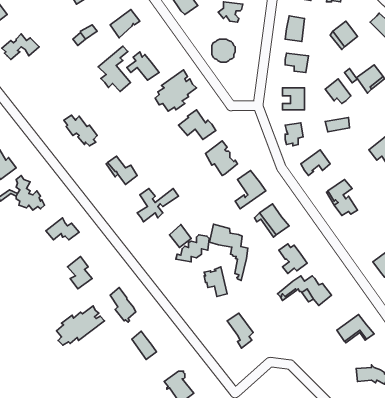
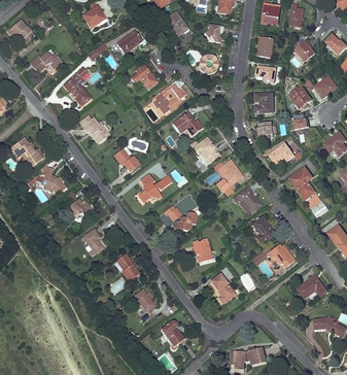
building: [98,46,130,91] -> [64,68,90,104]
building: [209,224,248,280] -> none
building: [56,306,105,345] -> none

